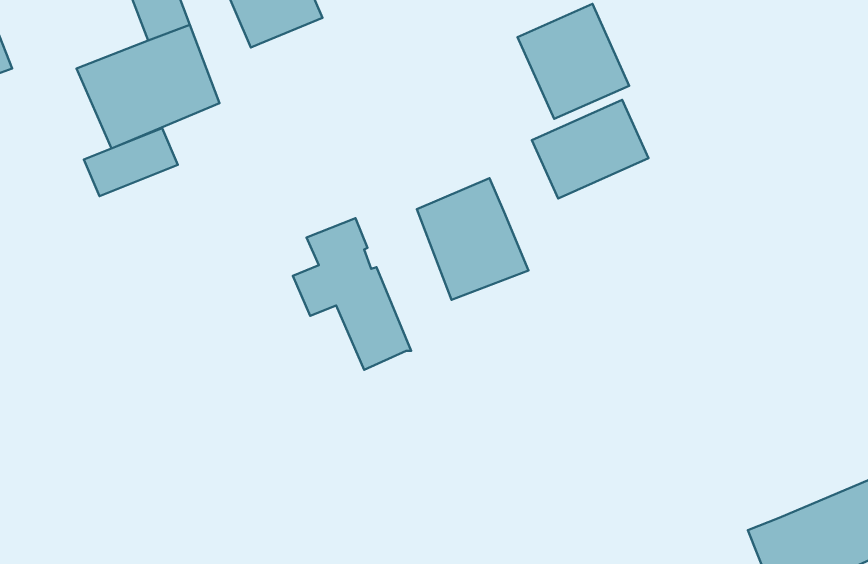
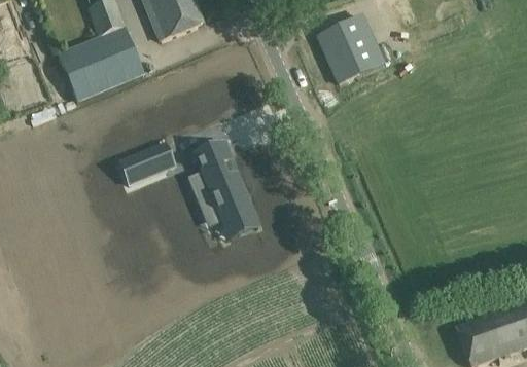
building: [532,100,649,199] -> none
building: [84,128,178,196] -> [120,142,176,182]
building: [417,178,529,300] -> none

